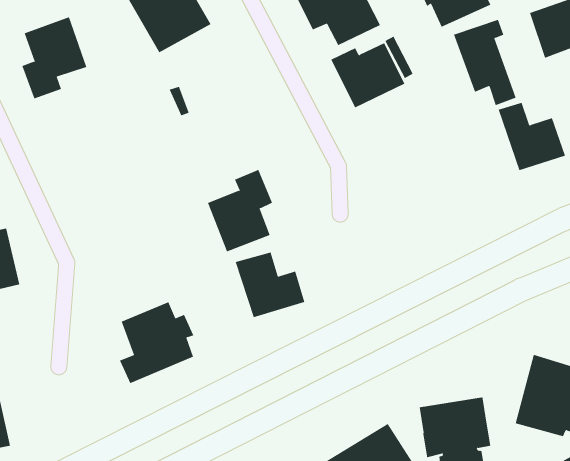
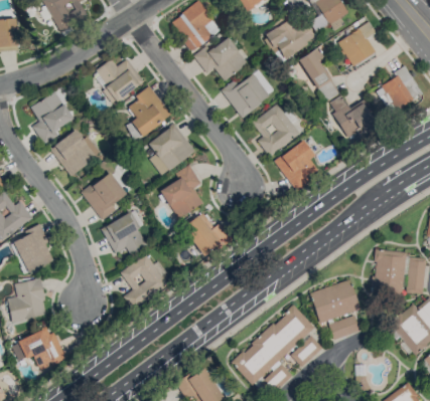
building: none -> [126,85,170,134]
building: none -> [49,129,101,176]
building: none -> [251,103,300,156]
building: none -> [148,124,194,175]
building: none -> [273,139,317,191]
building: none -> [82,172,126,220]
building: none -> [101,210,147,254]

